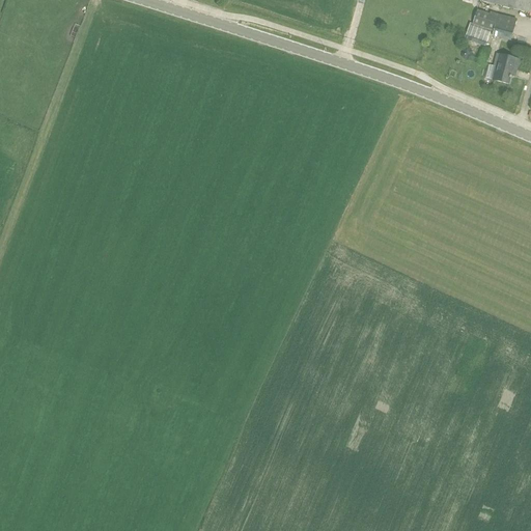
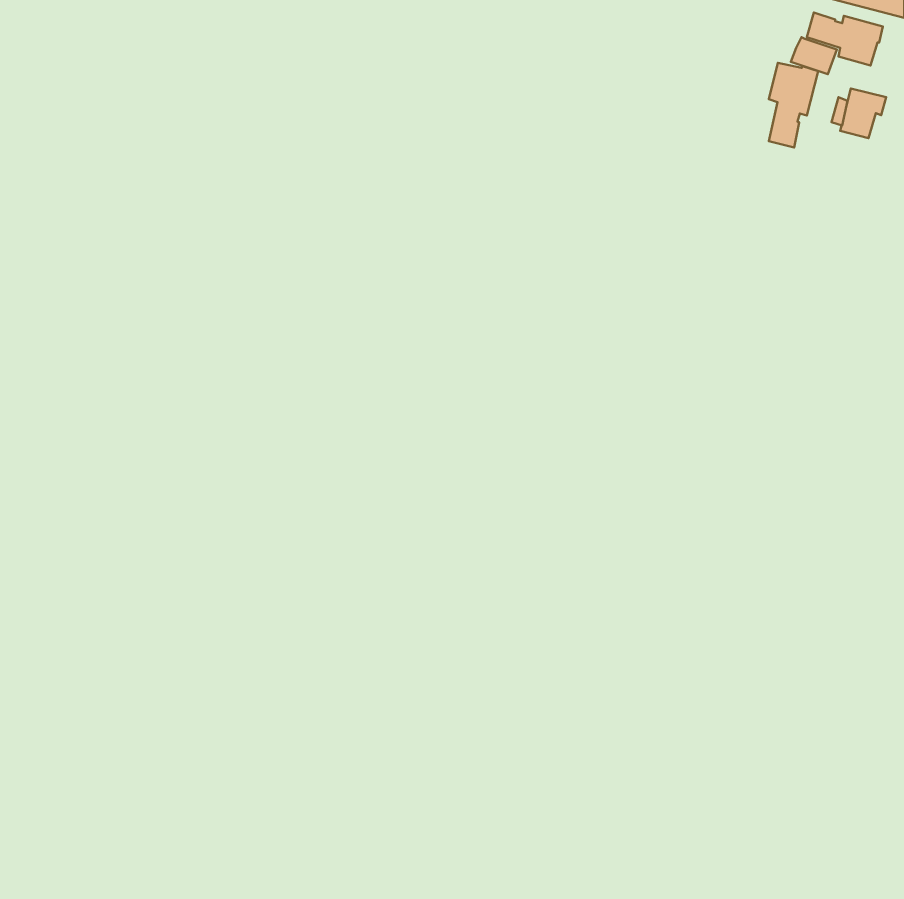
building: none -> [769,63,818,147]

